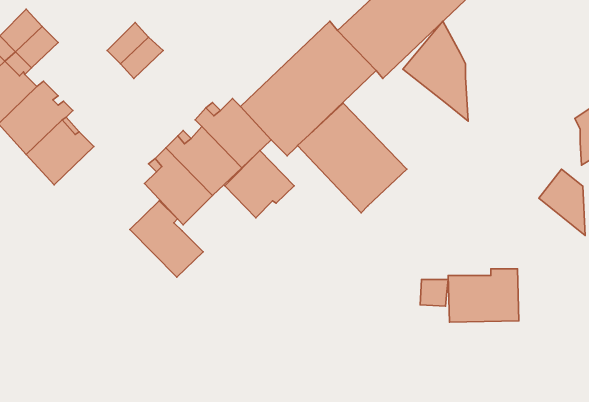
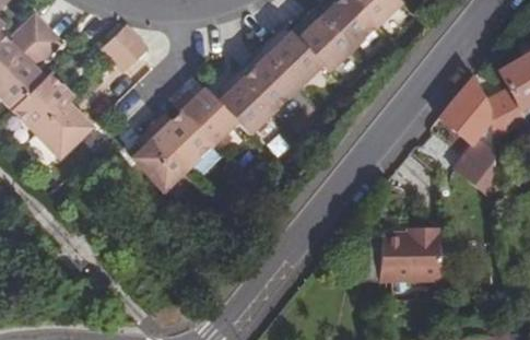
building: [403,21,468,121] -> [439,79,493,161]
building: [298,103,407,213] -> none
building: [225,150,294,218] -> none
building: [130,201,203,277] -> none

